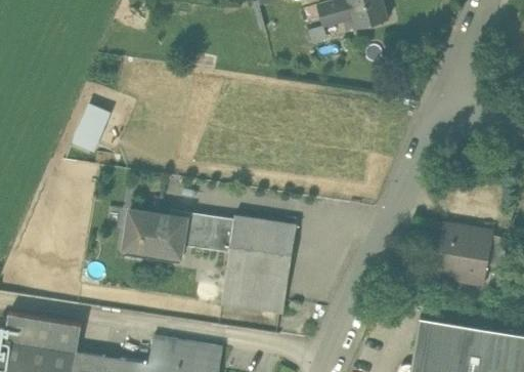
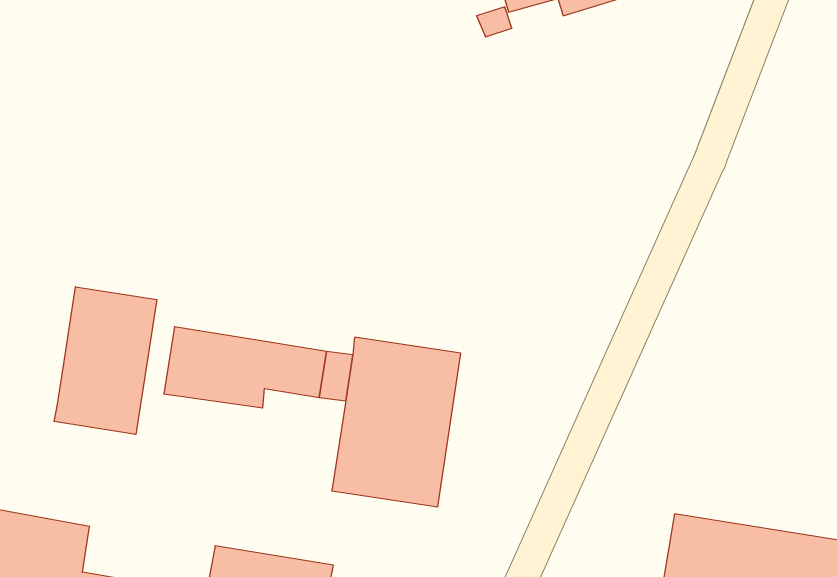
building: [73,105,108,152] -> none
building: none -> [54,287,157,434]
building: [435,226,491,284] -> none

